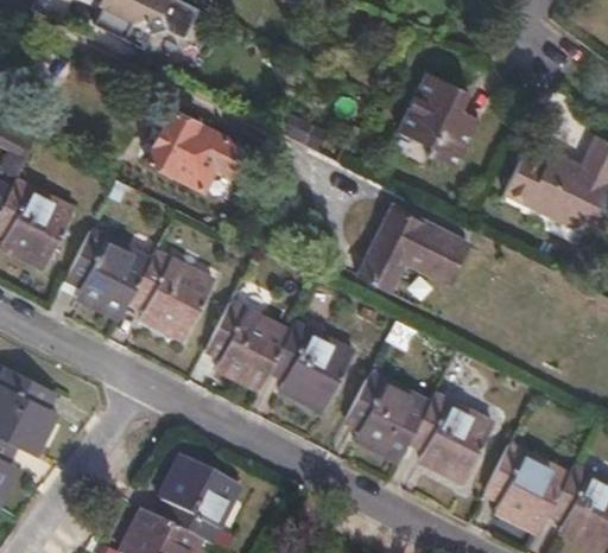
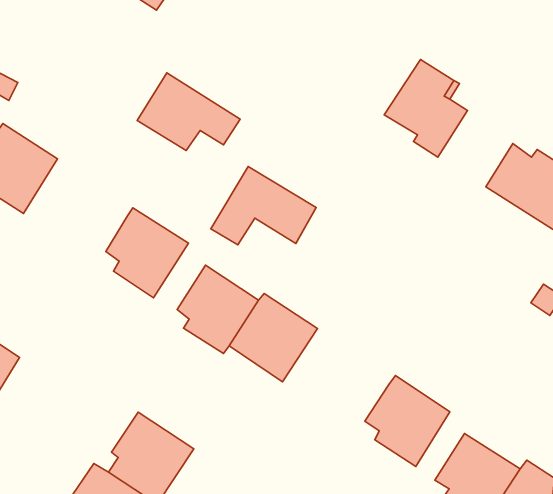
building: [360,209,463,288] -> [211,166,316,245]
building: [68,230,150,319] -> none
building: [346,373,429,462] -> none

